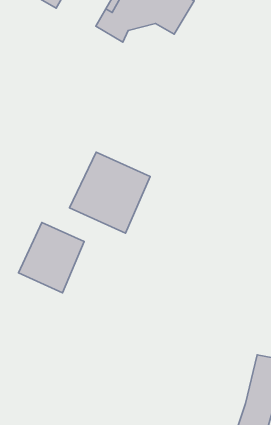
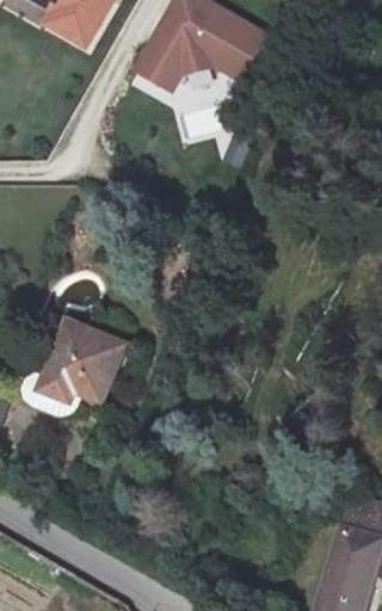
building: [69,152,150,233] -> none

